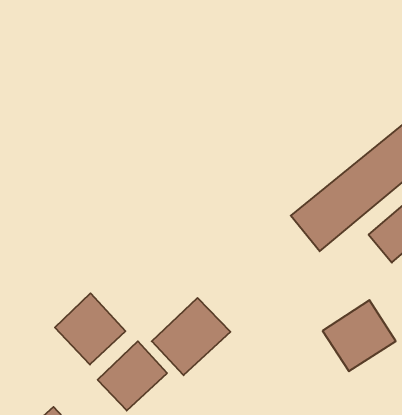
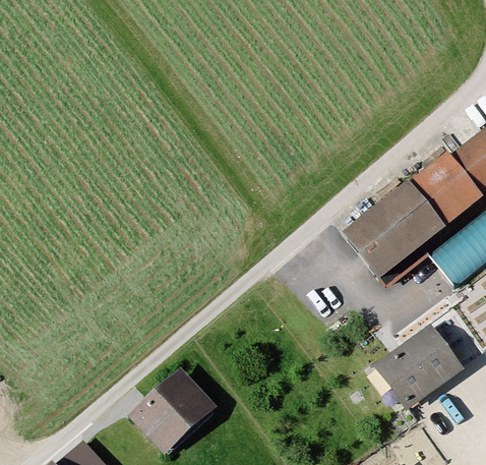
building: [55,293,125,365] -> none
building: [152,298,230,375] -> none

